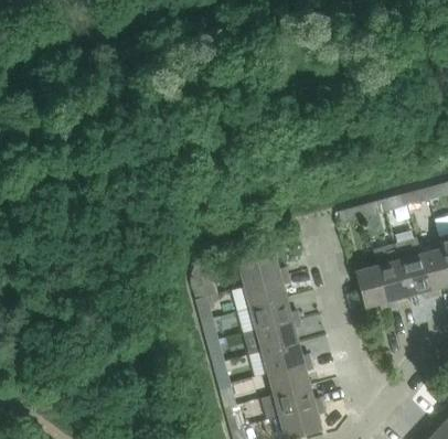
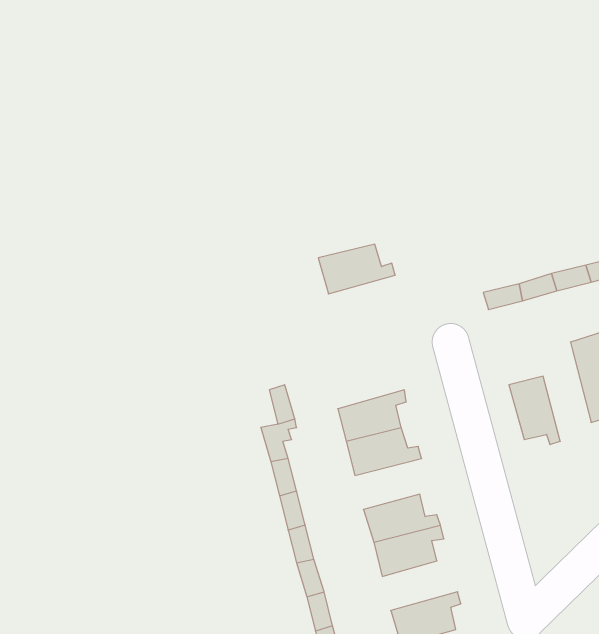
building: [377,249,408,309] -> none
building: [238,256,288,288] -> [318,244,395,294]
building: [256,320,301,353] -> none
building: [274,386,322,418] -> none

